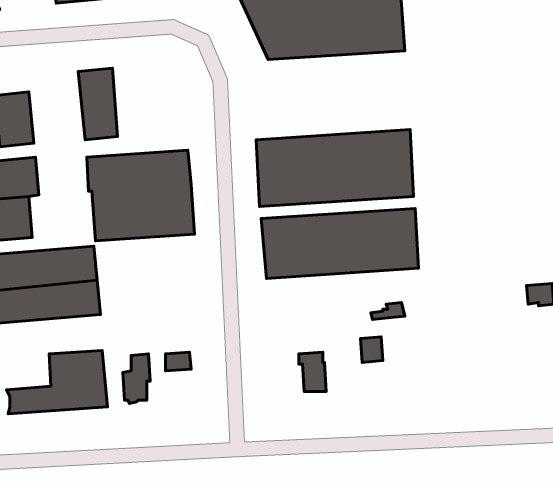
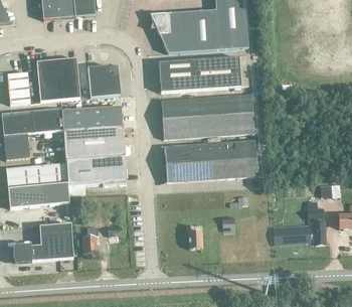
building: none -> [159,54,248,91]
building: none -> [36,58,60,100]
building: none -> [87,63,120,96]
building: none -> [31,107,62,131]
building: none -> [66,154,127,185]
building: none -> [273,199,326,244]

